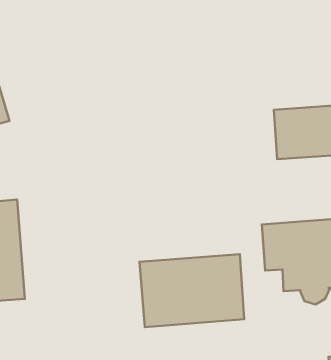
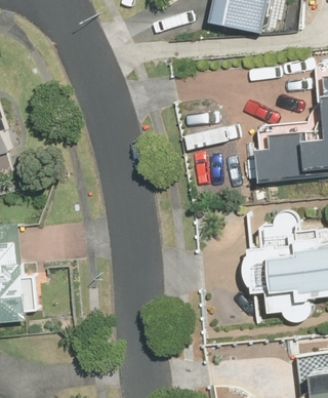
building: [140,254,244,327] -> none

